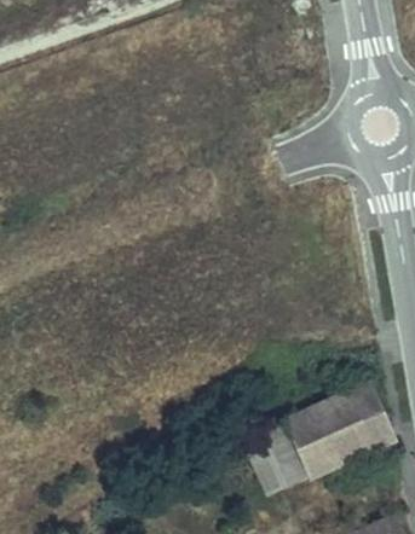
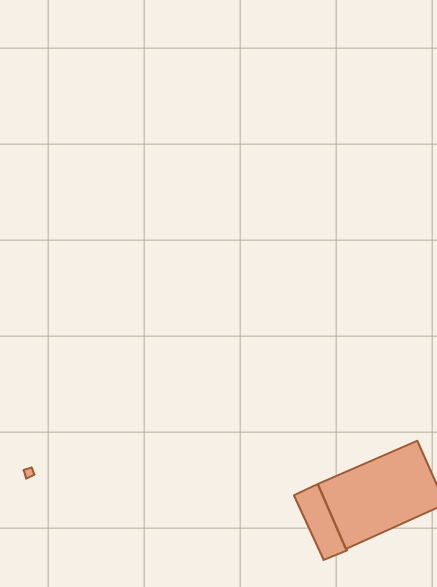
building: [243,430,290,495] -> none

